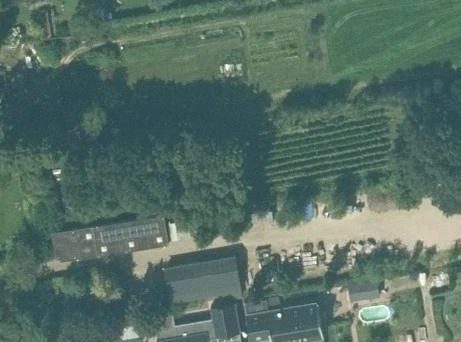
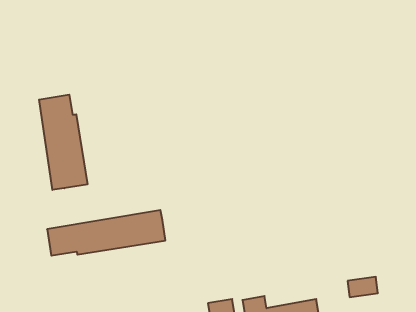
building: none -> [39,95,87,190]
building: [165,257,240,303] -> none

